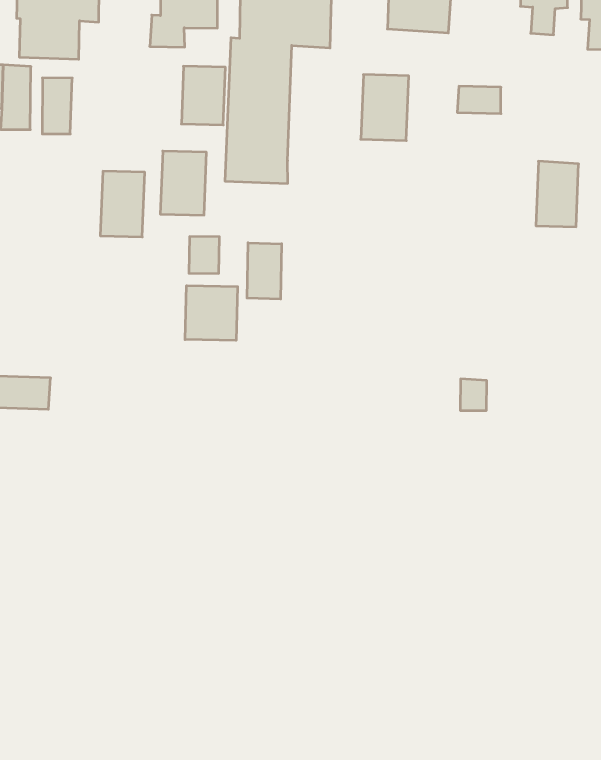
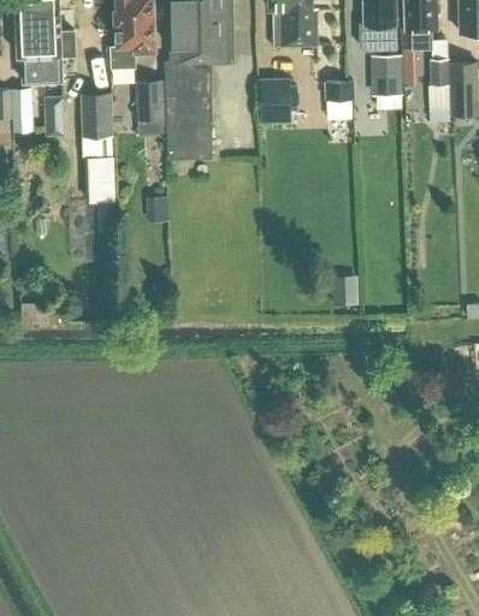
building: [160,151,206,215] -> [81,93,112,137]
building: [536,161,579,227] -> [373,51,402,95]
building: [247,243,282,299] -> none
building: [185,286,238,340] -> none

